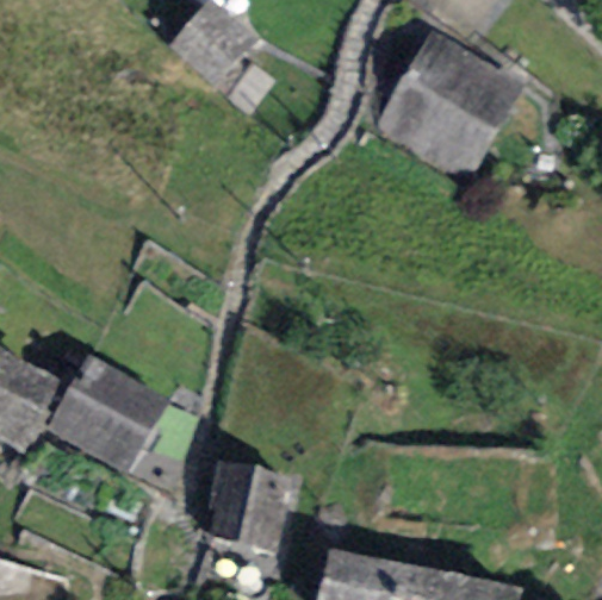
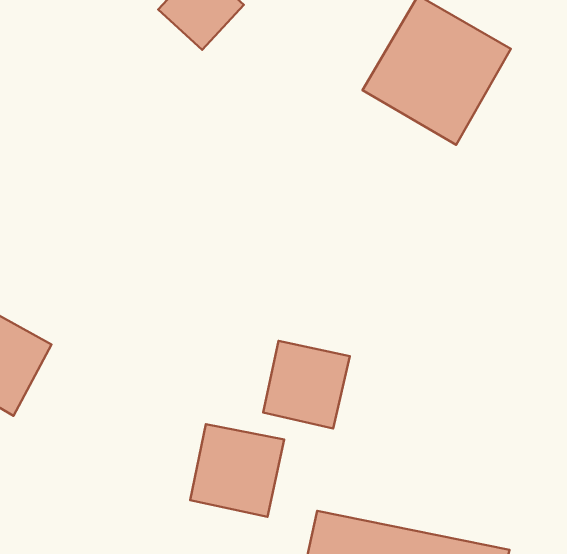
building: [46,355,169,474] -> none
building: none -> [263,341,350,428]

